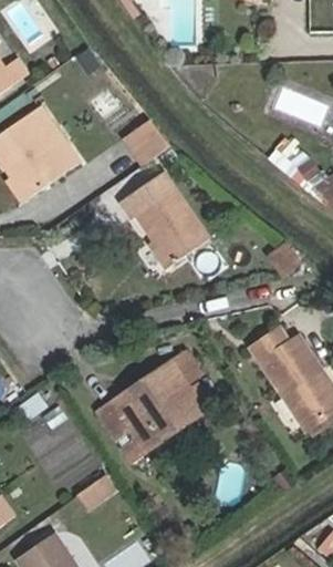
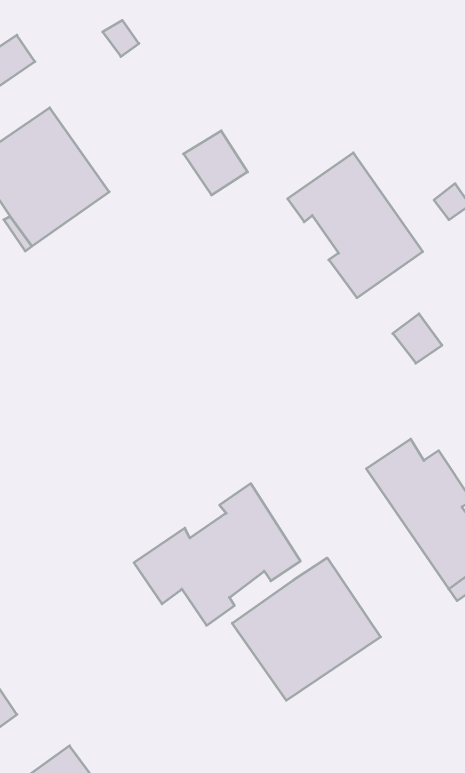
building: [119,172,210,269] -> [288,153,423,298]
building: none -> [232,558,381,700]

